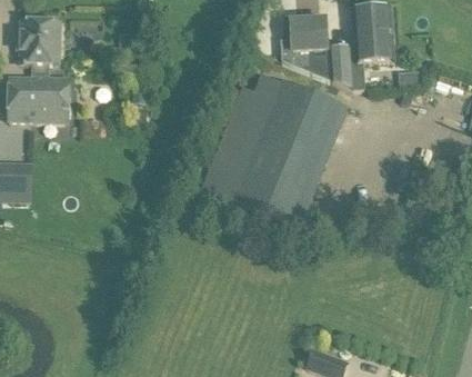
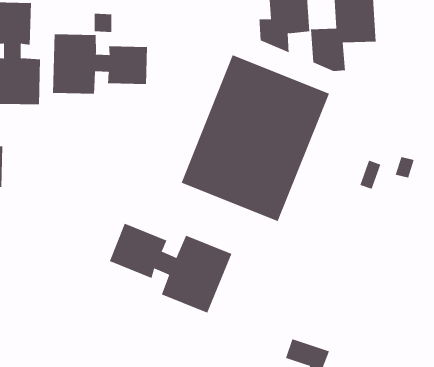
building: none -> [52,34,147,94]
building: none -> [109,223,232,313]

